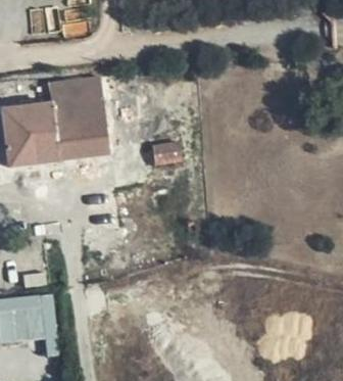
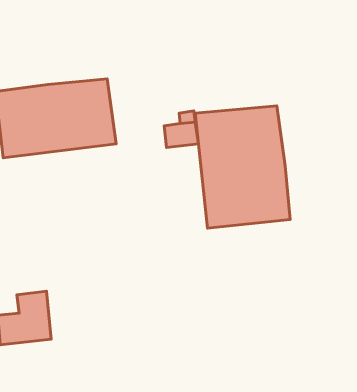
building: [45,78,101,104] -> none
building: none -> [195,106,290,228]

